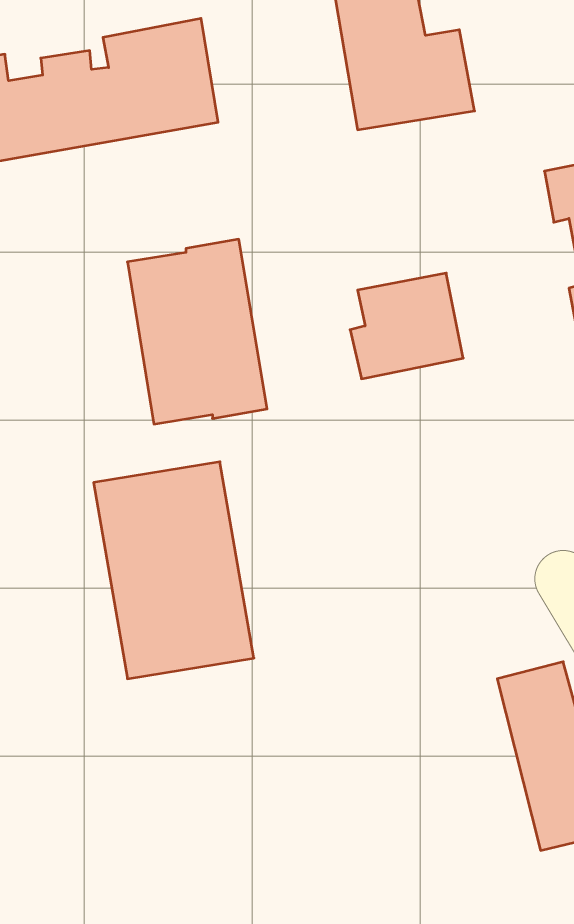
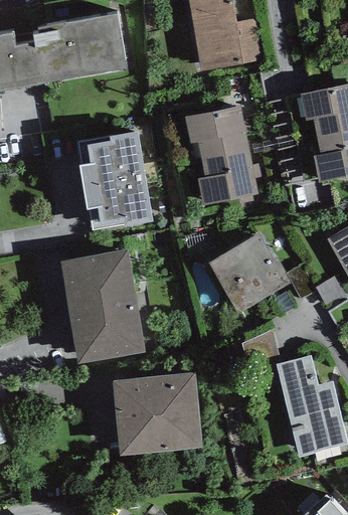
building: none -> [184,105,247,157]
building: none -> [208,233,290,313]
building: none -> [112,372,202,455]

